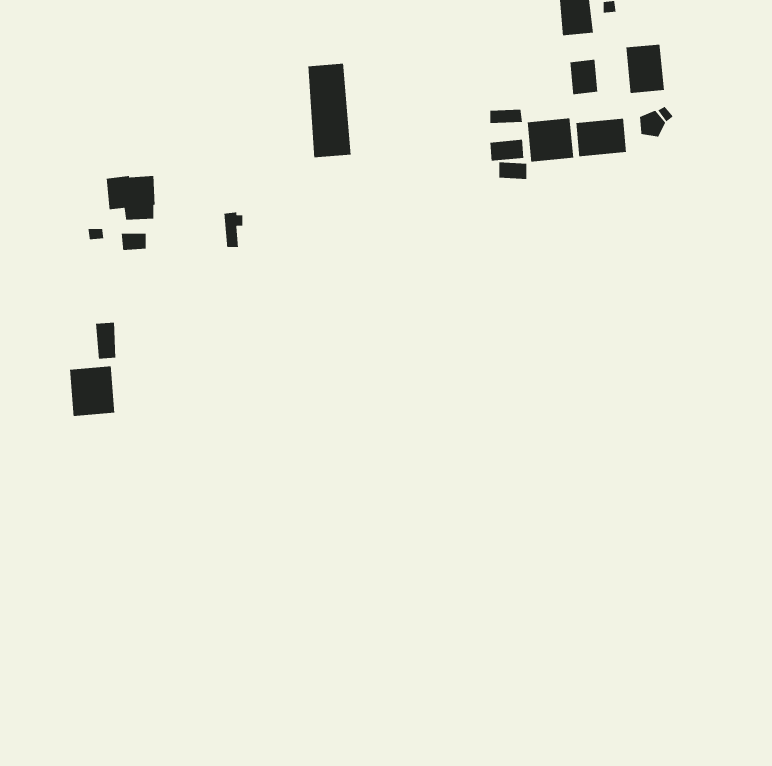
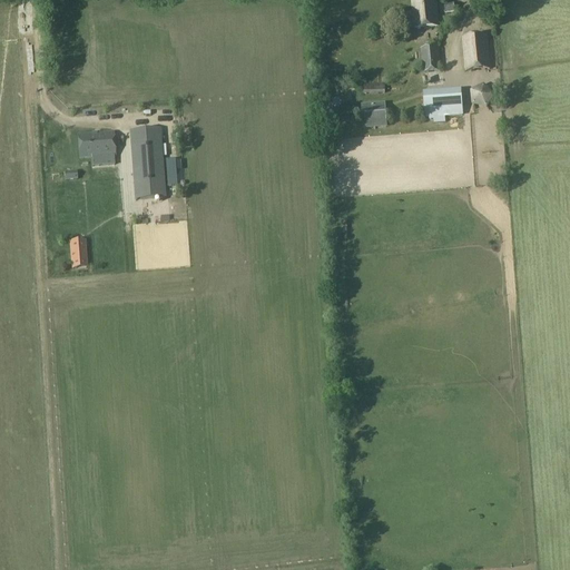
building: [308,63,351,158] -> [131,126,164,196]
building: [527,118,574,162] -> none
building: [69,366,115,417] -> none

